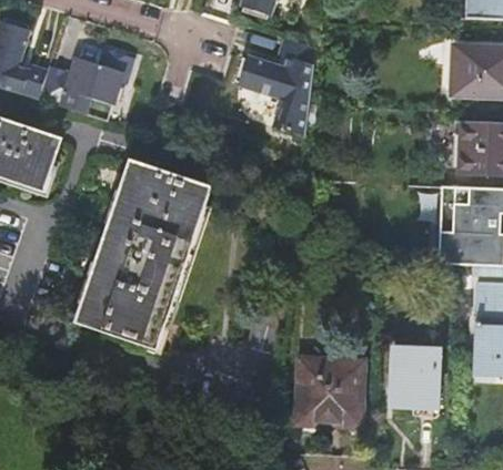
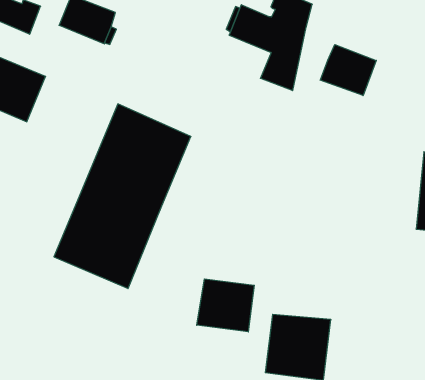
building: none -> [320,45,376,96]
building: none -> [197,279,254,332]
building: [390,350,440,408] -> none

